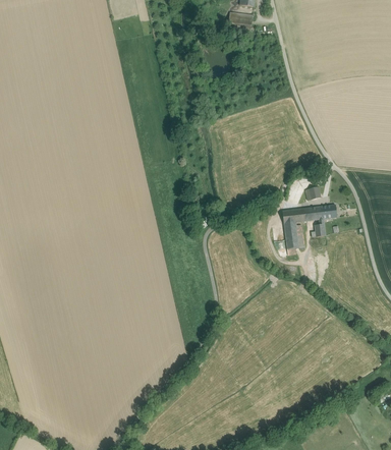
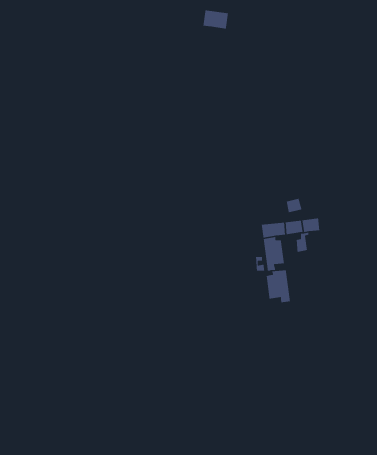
building: none -> [266,269,291,303]

